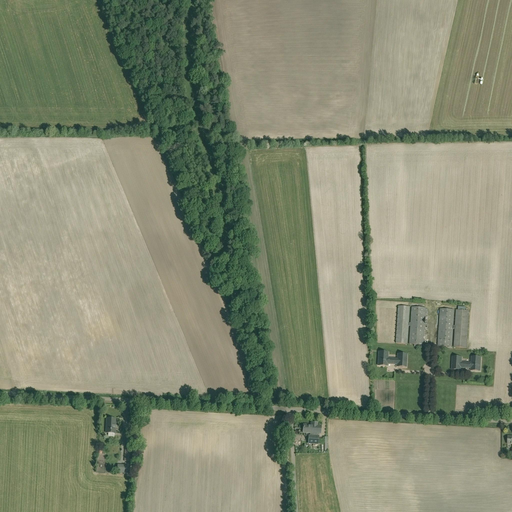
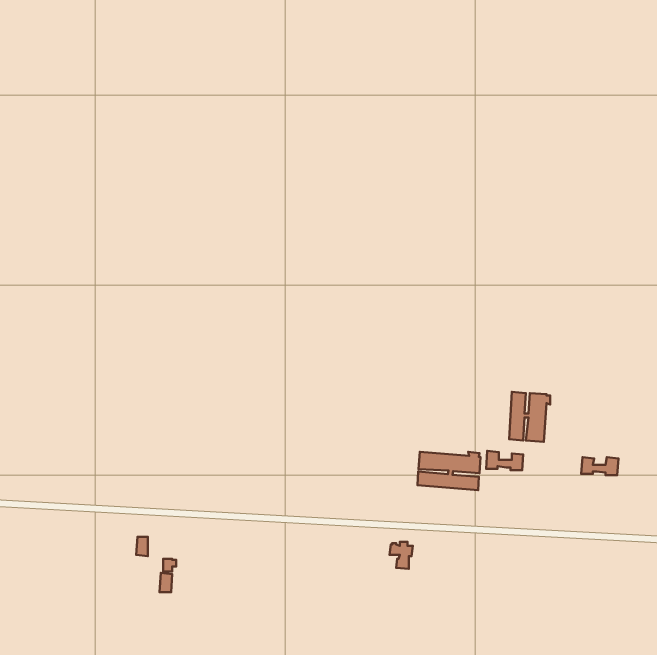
building: [438,308,469,347] -> none
building: none -> [418,452,481,490]

